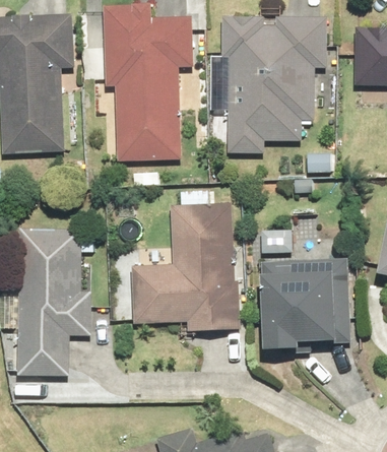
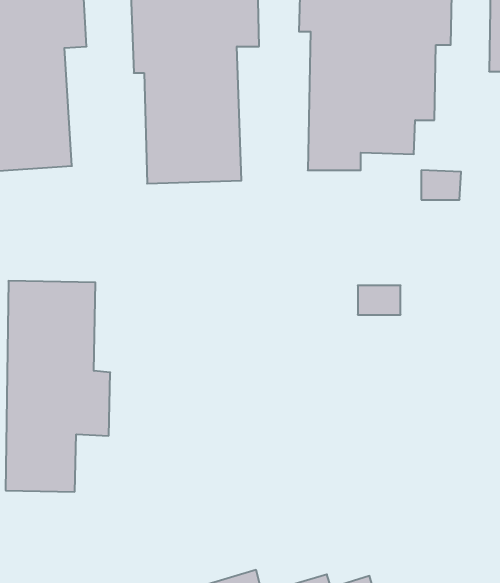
building: [131,203,239,333] -> none
building: [256,260,348,350] -> none

